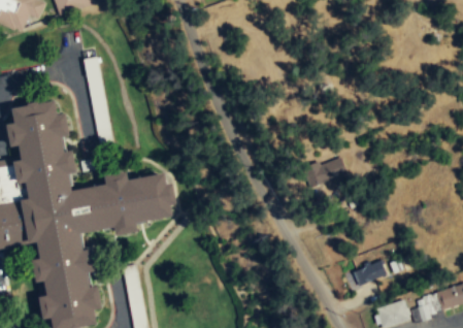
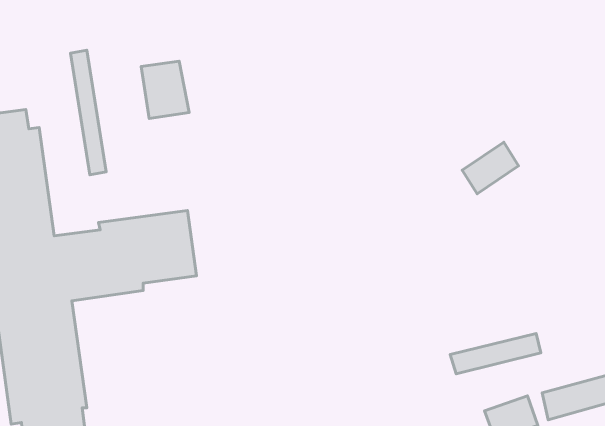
building: none -> [141,61,189,119]
building: [306,154,345,190] -> [462,142,519,194]

